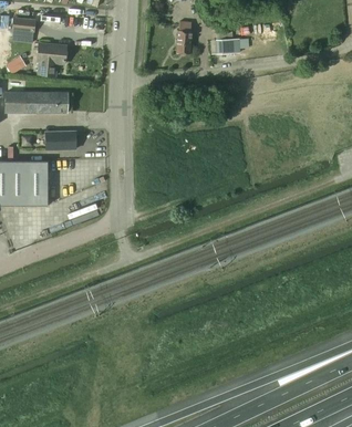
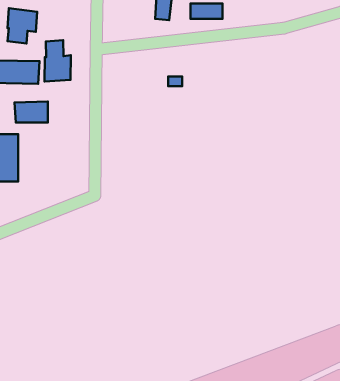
building: none -> [45,40,71,81]

